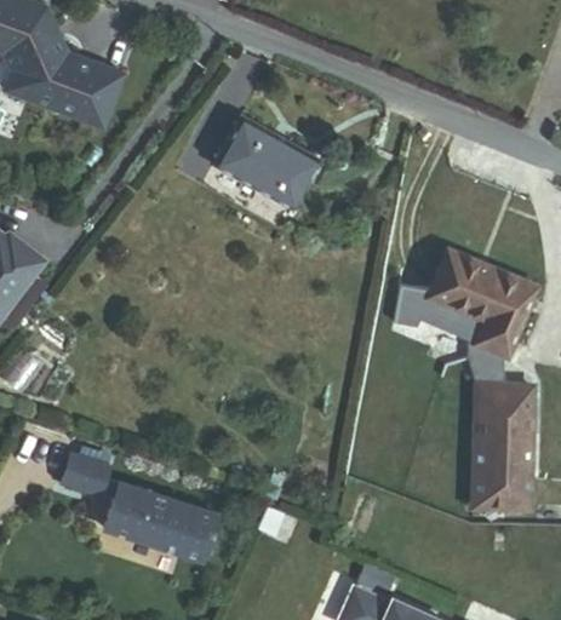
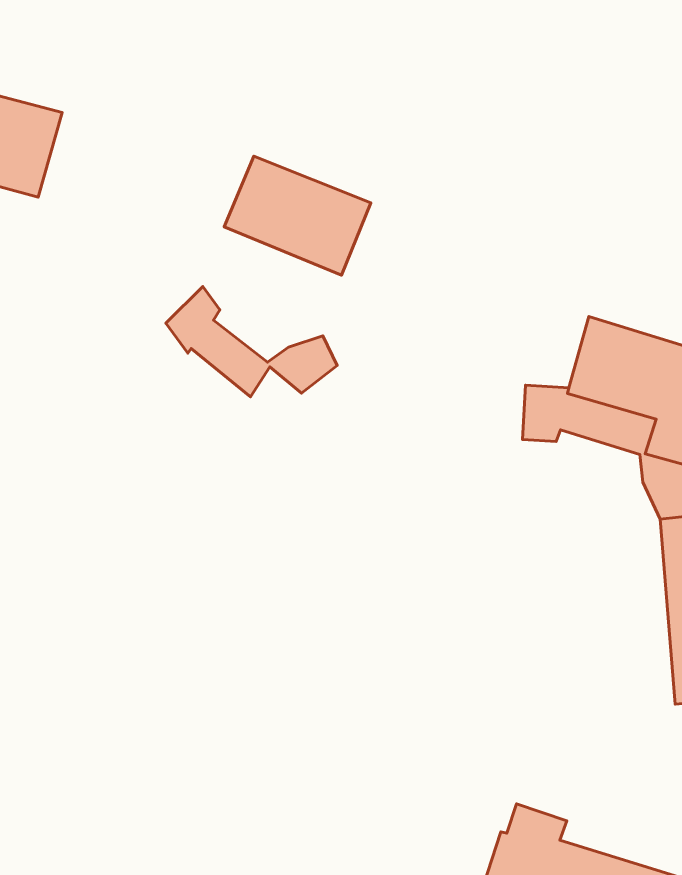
building: none -> [166,286,337,397]
building: [61,448,111,492] -> none
building: [102,473,219,558] -> none

